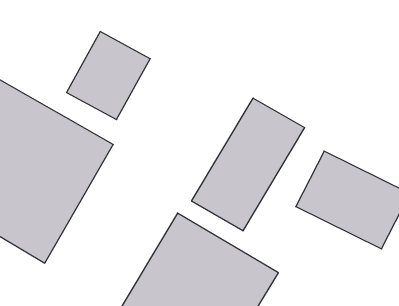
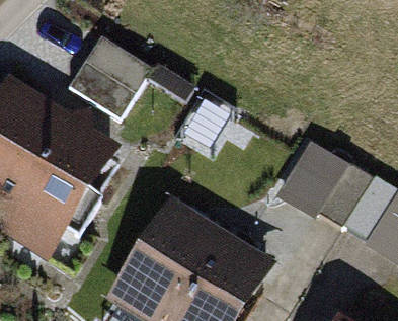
building: [192,98,305,231] -> none

